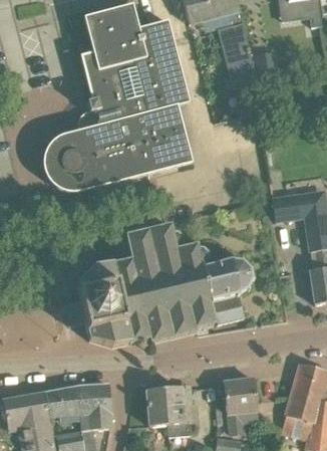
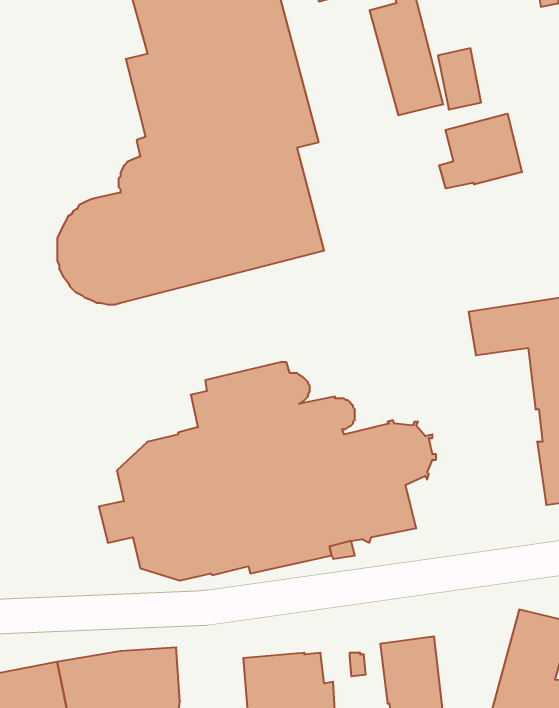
building: none -> [439,114,522,188]

